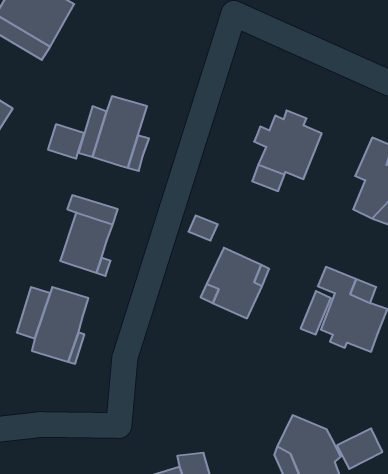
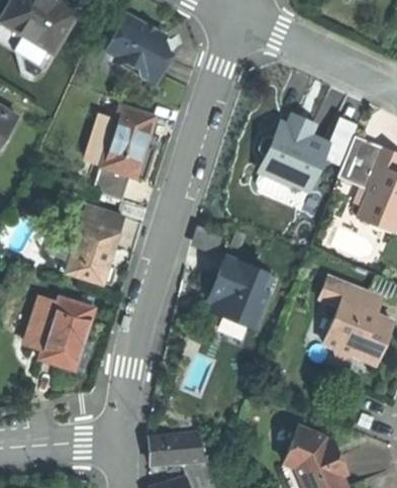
building: none -> [105,14,173,78]
building: [48,124,84,159] -> [91,166,127,200]
building: none -> [338,136,379,185]
building: none -> [151,431,207,462]

